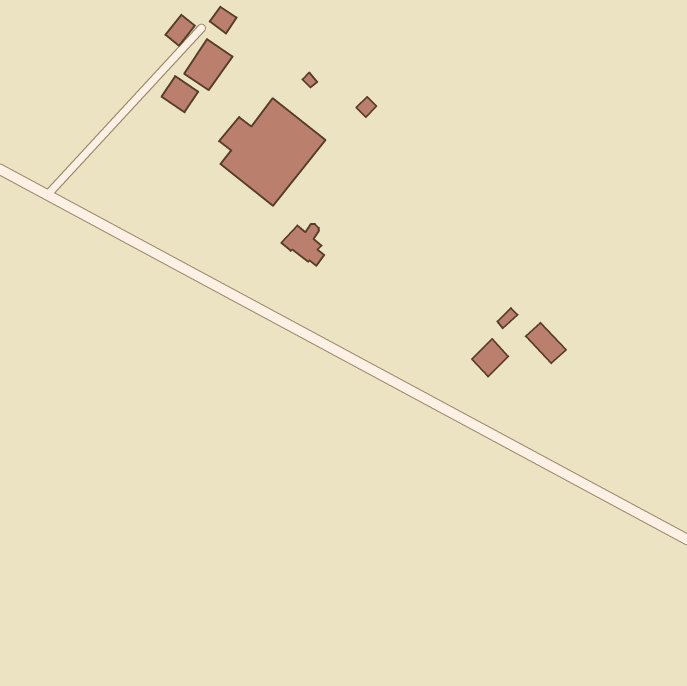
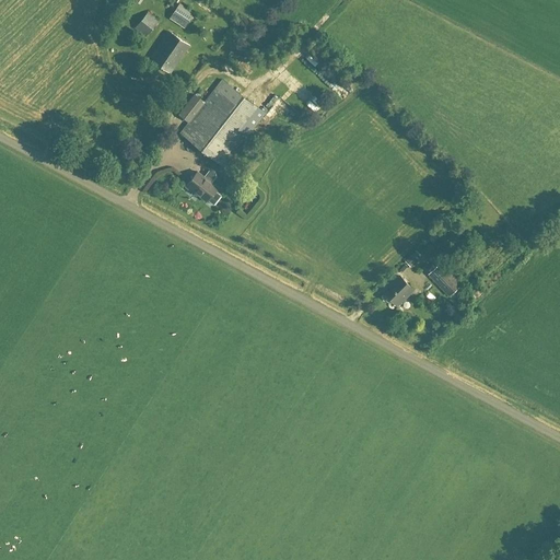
building: [162,76,198,112] -> none
building: [281,224,324,266] -> [184,171,219,205]

